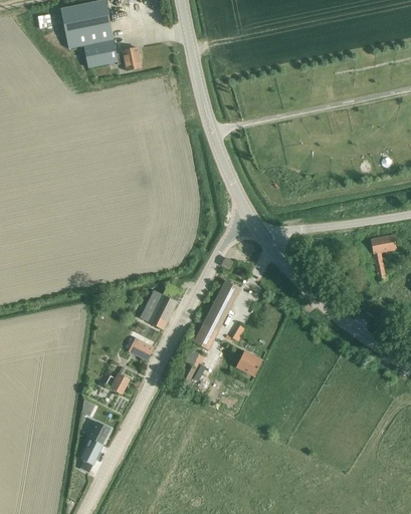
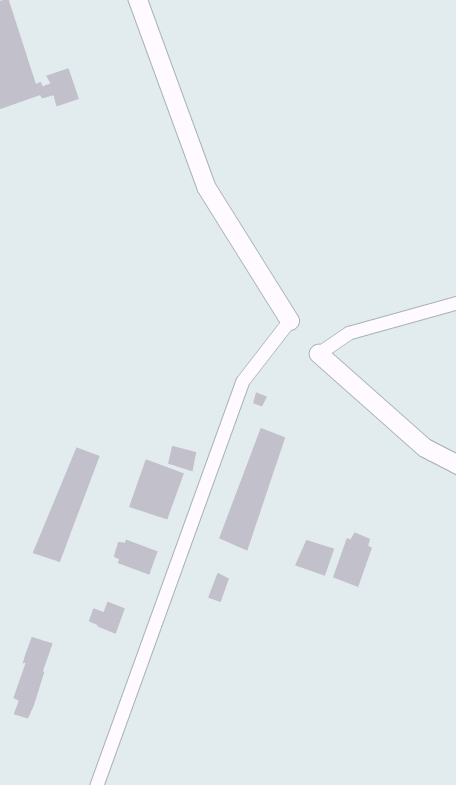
building: none -> [32,446,100,563]
building: none -> [332,532,373,588]
building: [79,421,110,471] -> [12,636,53,719]

